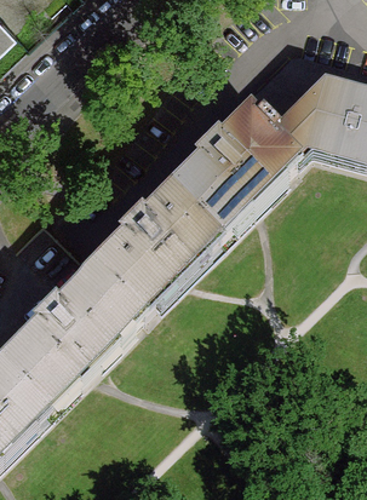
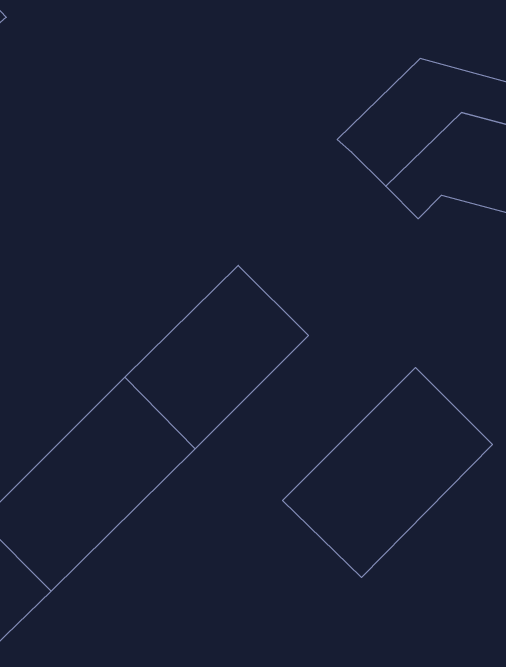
building: [168,119,293,242] -> none
building: none -> [283,368,492,577]

